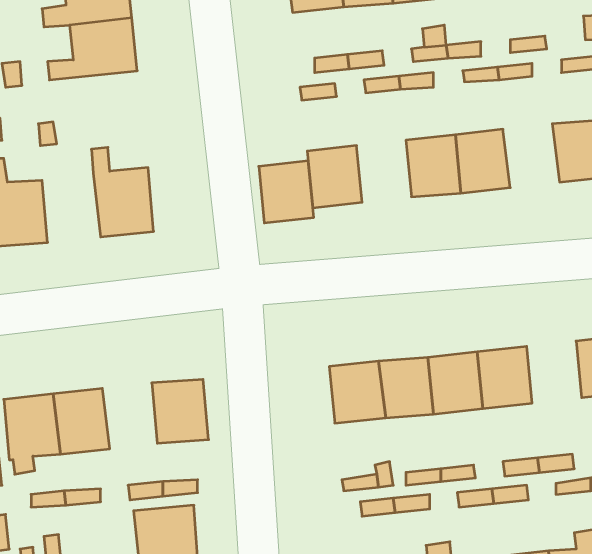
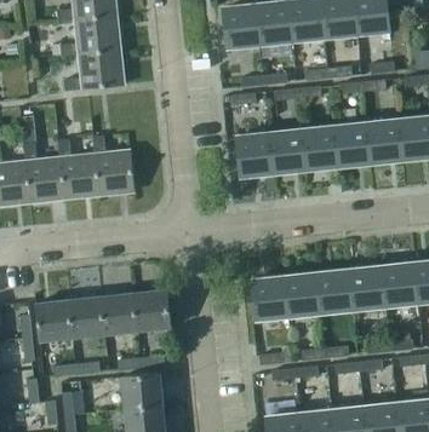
building: none -> [365,111,402,163]
building: none -> [57,140,98,200]
building: [259,161,314,223] -> [268,132,304,173]
building: none -> [381,265,417,306]
building: none -> [99,293,136,336]

